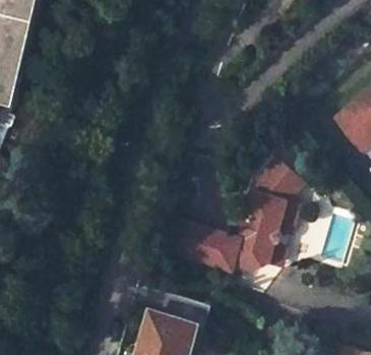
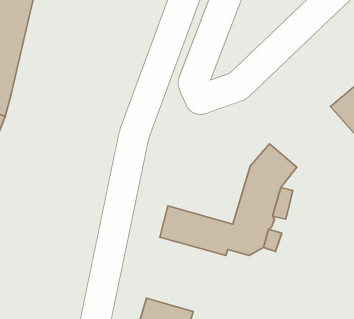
building: [167,294,209,327] -> none

